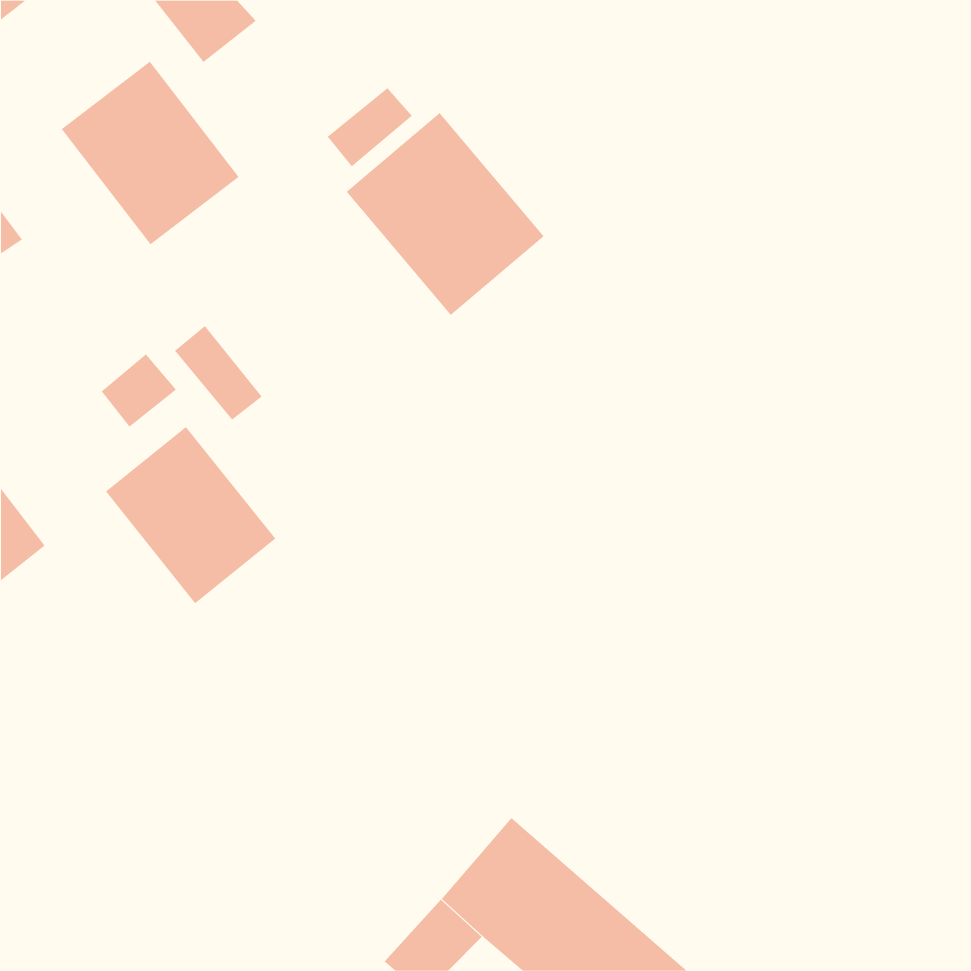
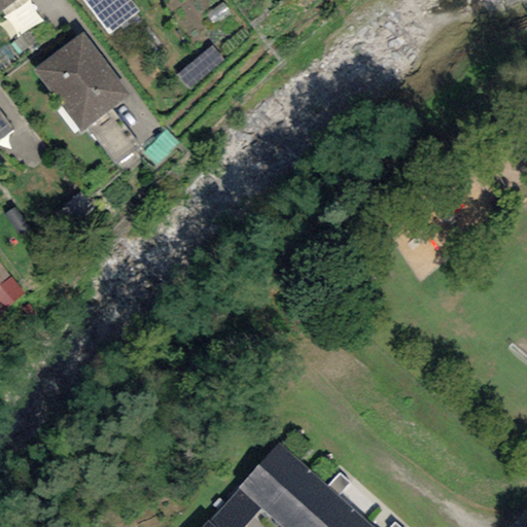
building: [346,112,544,316] -> none
building: [174,325,262,420] -> none
building: [105,426,276,604] -> none

